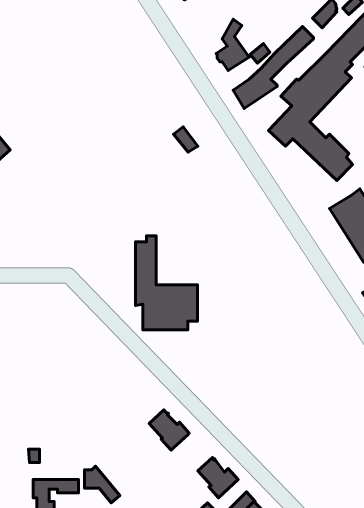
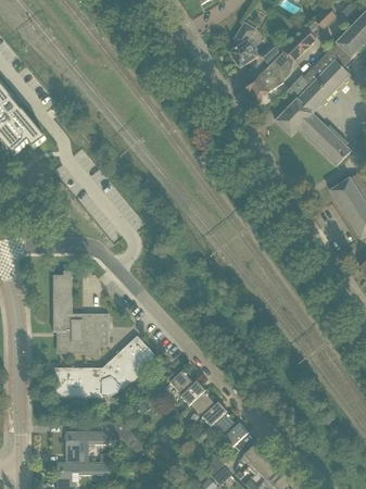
building: [135,236,198,330] -> [53,271,109,354]
building: none -> [55,336,157,398]
building: none -> [191,392,227,427]

